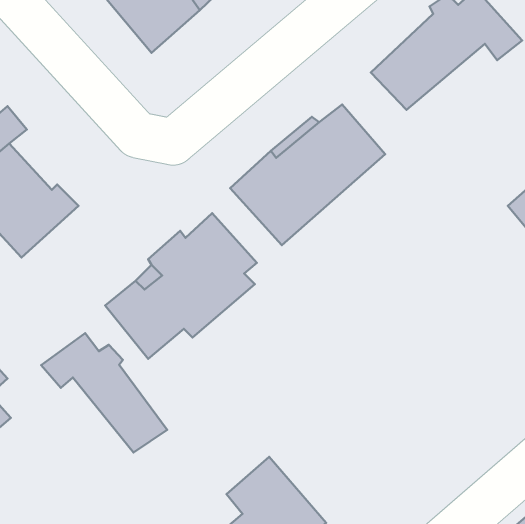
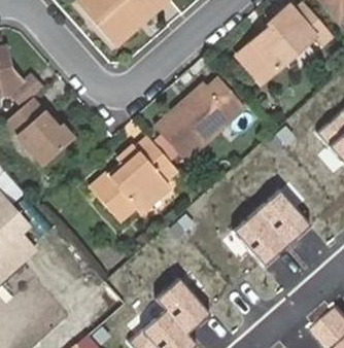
building: none -> [233,190,309,266]
building: [41,333,167,453] -> none

